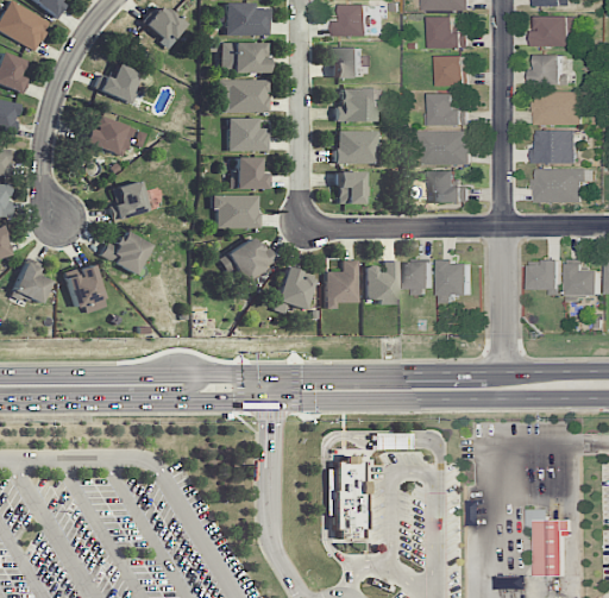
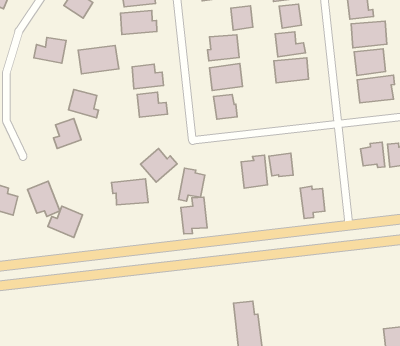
building: [333,48,360,78] -> [231,6,253,30]
building: [214,78,268,113] -> [78,45,119,74]
building: [81,114,123,157] -> [68,90,98,118]
building: [432,170,469,203] -> none
building: [209,195,257,228] -> [112,179,148,205]
building: [98,229,147,275] -> [48,206,82,237]
building: [322,259,356,309] -> [181,197,207,234]
building: [440,259,471,303] -> [300,186,325,219]

